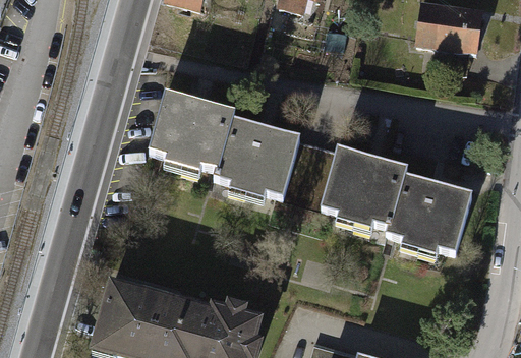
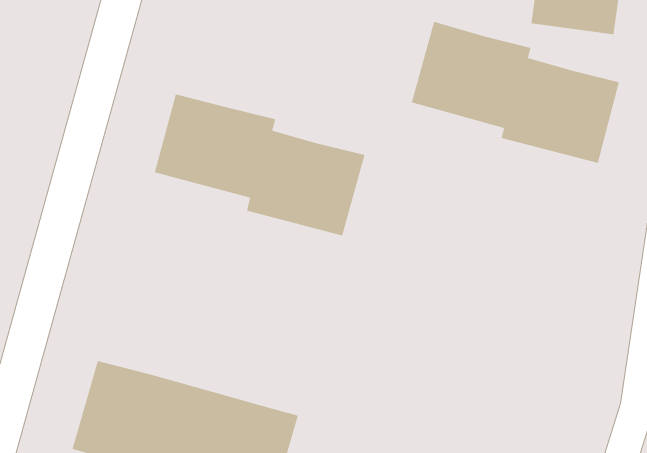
building: [319,147,468,250] -> [411,21,620,164]

